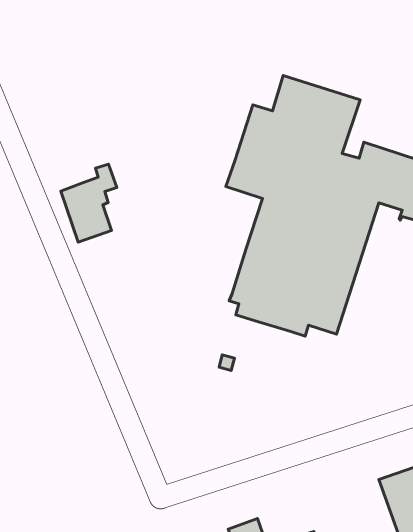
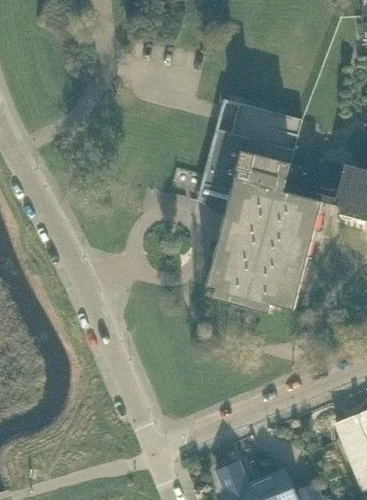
building: [61,164,117,242] -> none

